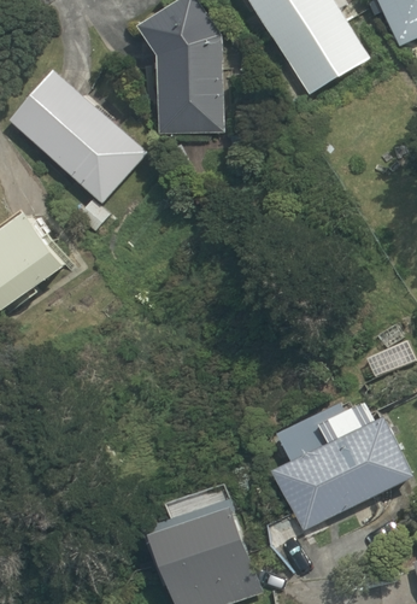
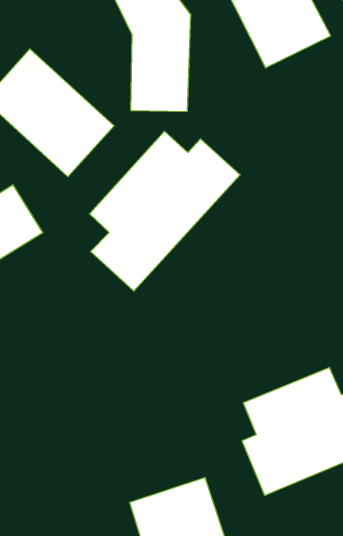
building: none -> [89,131,240,291]

